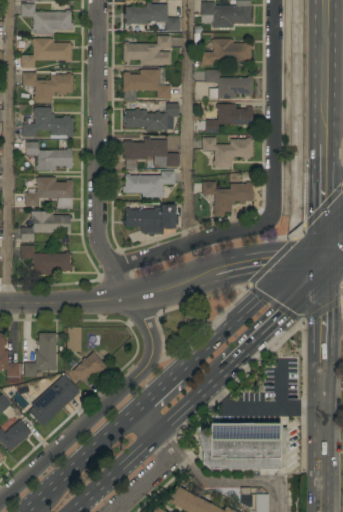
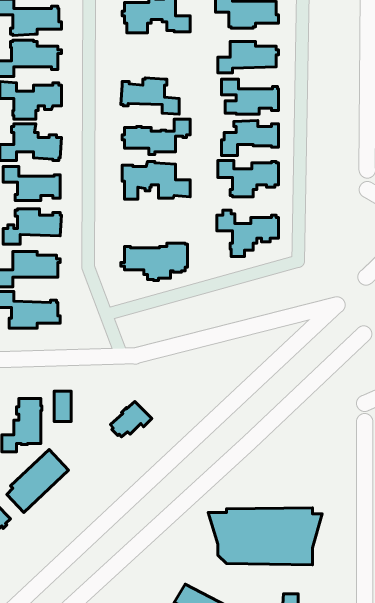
building: [123,36,171,65] -> none
building: [122,171,174,197] -> none
building: [72,352,106,381] -> [111,401,152,437]

